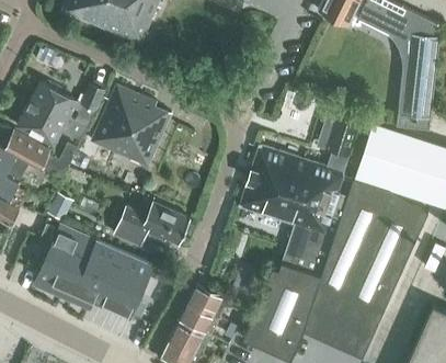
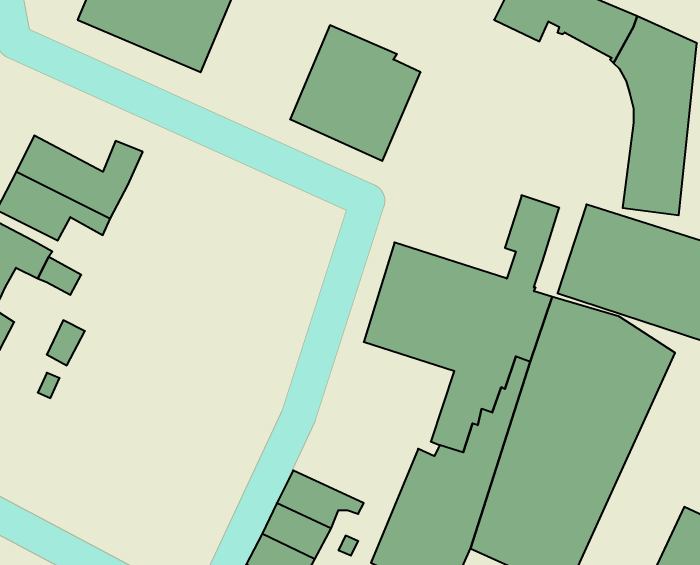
building: [91,87,170,169] -> [290,25,421,161]
building: [114,204,190,248] -> none
building: [38,228,152,318] -> none

